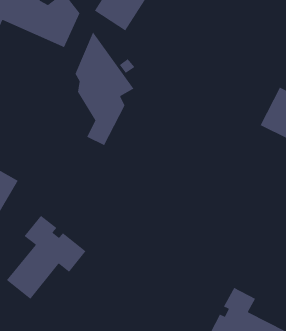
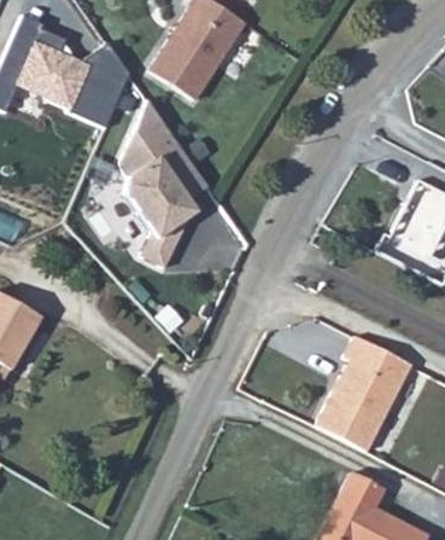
building: none -> [317,336,411,452]
building: [6,215,86,300] -> none

